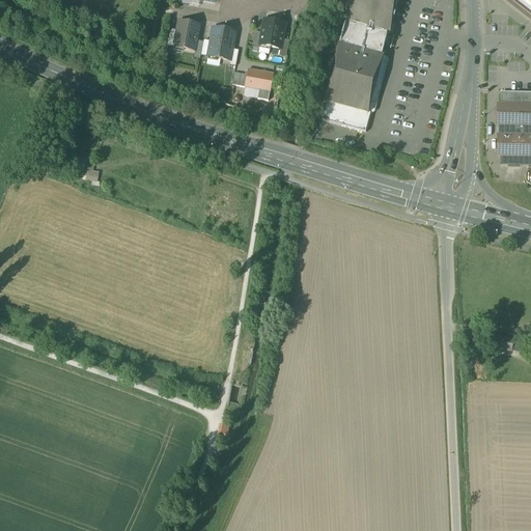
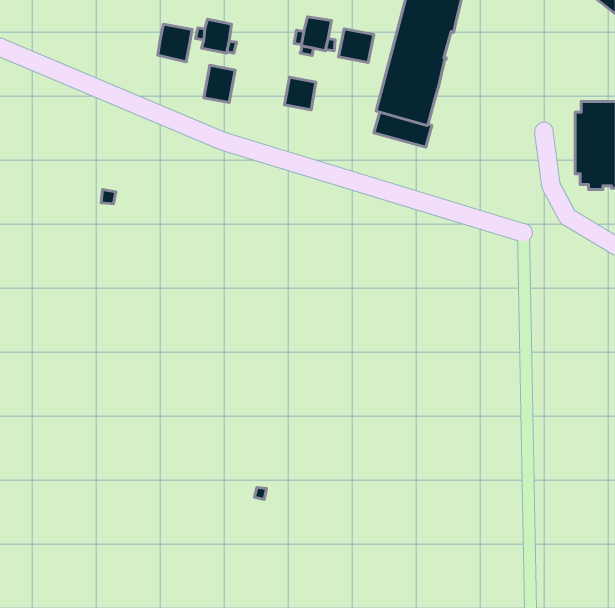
building: none -> [158,24,192,62]
building: none -> [339,29,374,63]
building: [209,25,236,57] -> [204,65,235,103]

